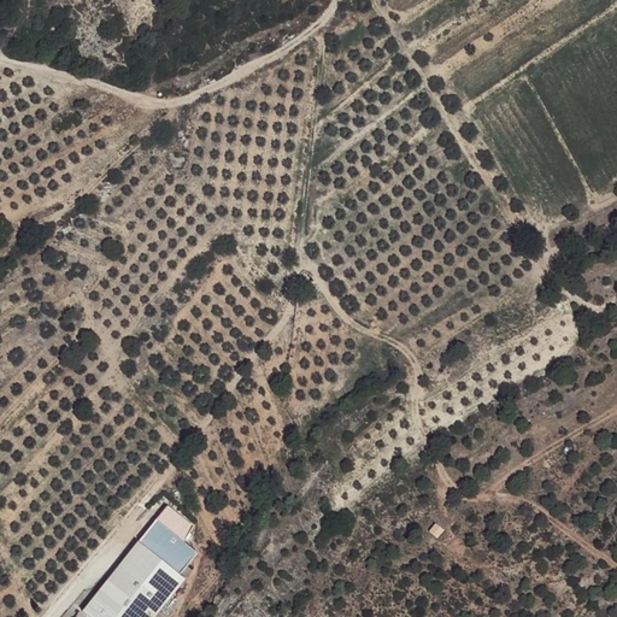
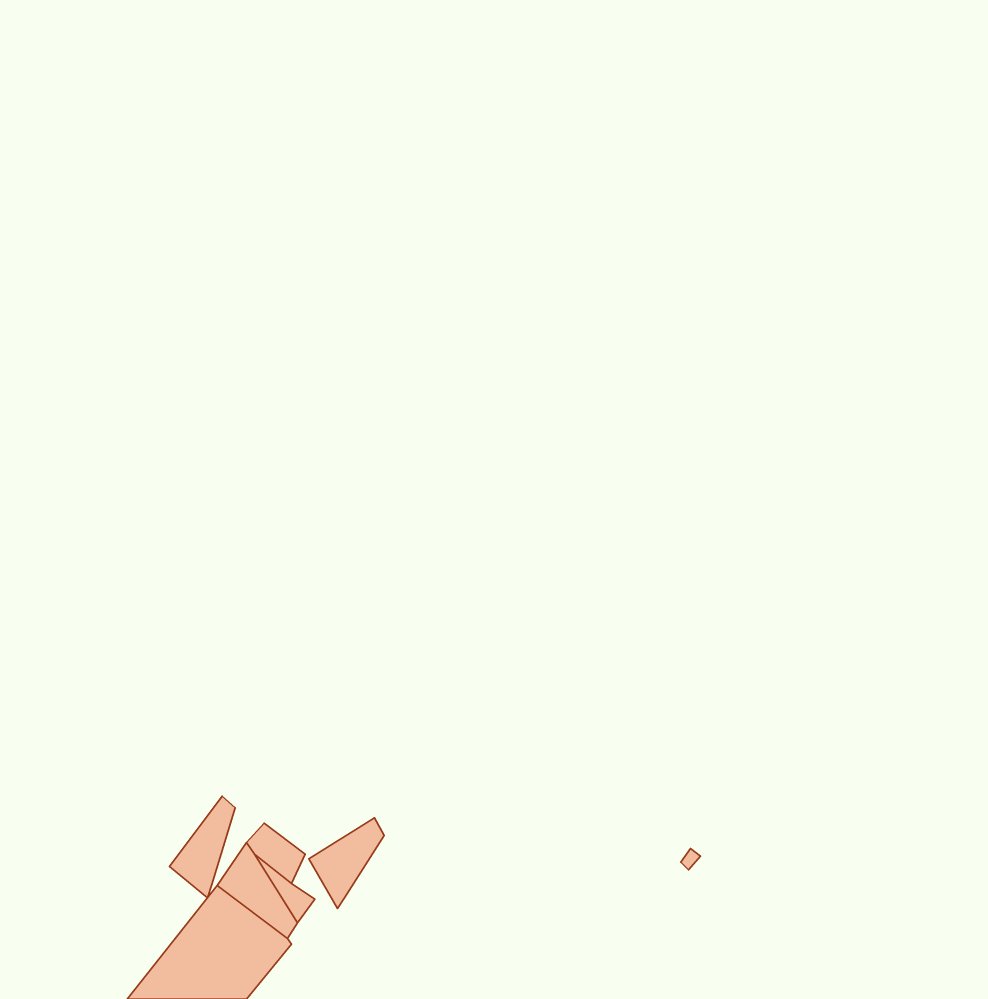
building: none -> [169,796,235,898]
building: none -> [309,818,384,908]

